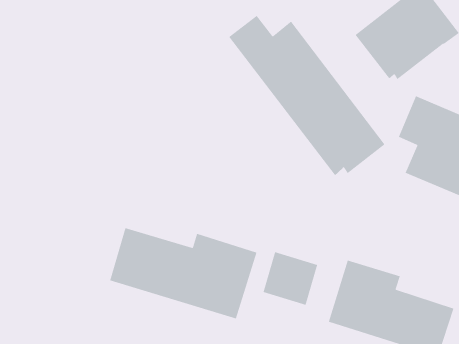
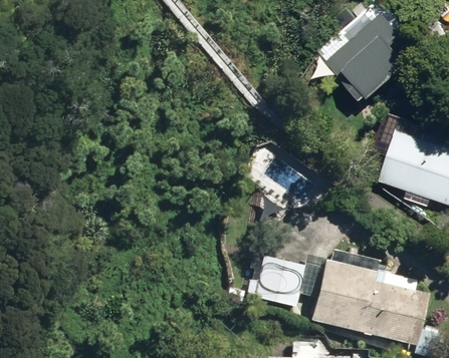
building: [228,15,385,176] -> none
building: [109,227,258,320] -> none

